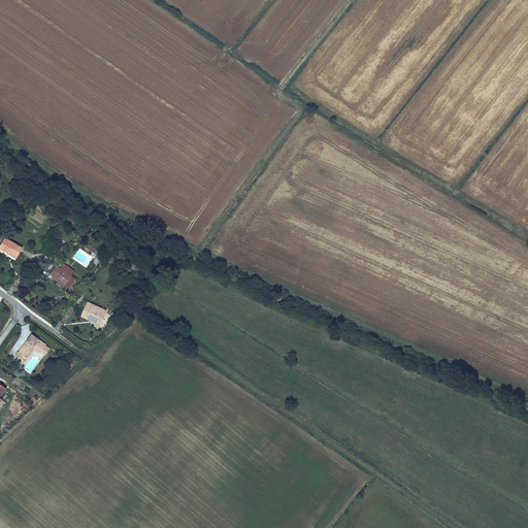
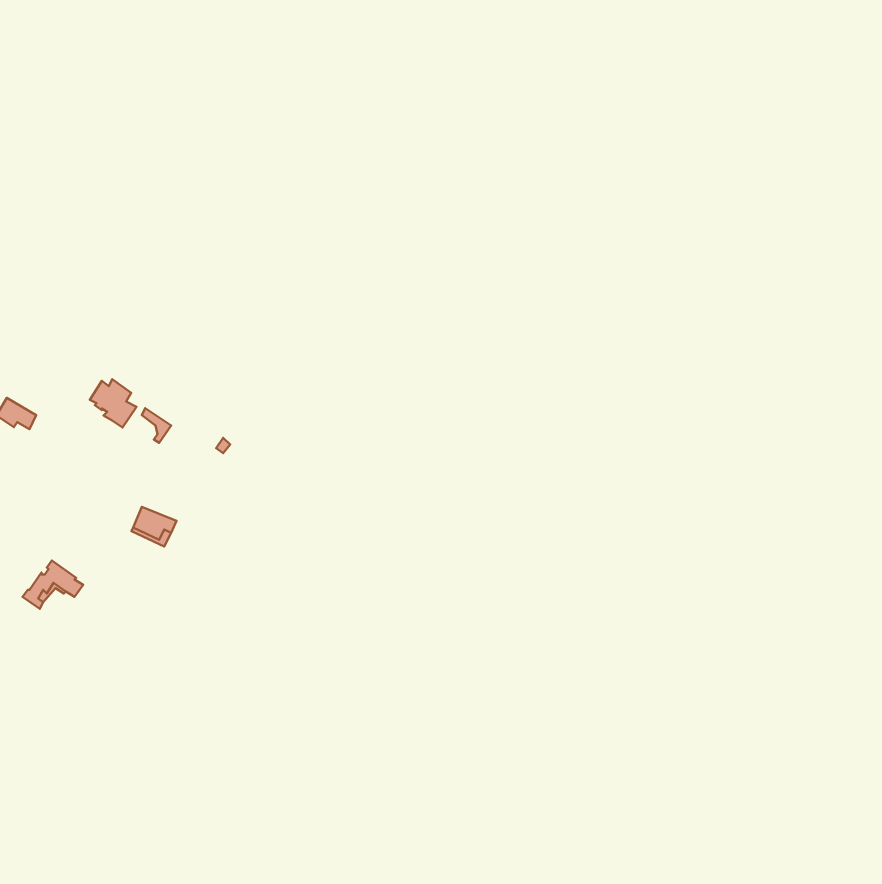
building: [48,263,76,292] -> [90,379,136,428]

